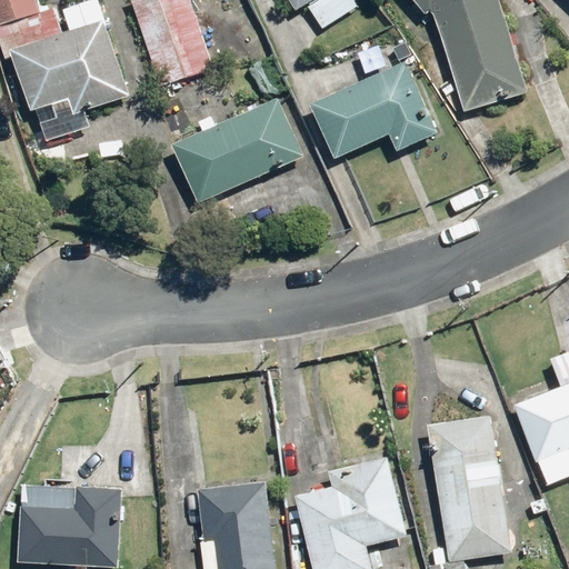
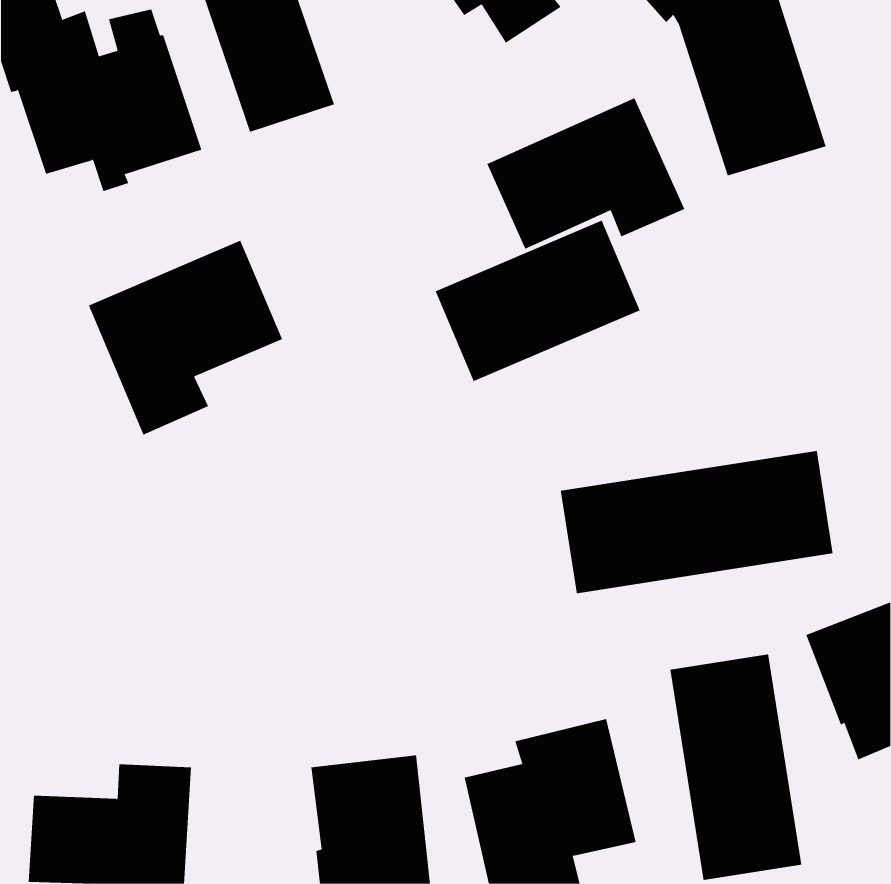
building: [172,99,303,202] -> [435,220,641,382]
building: none -> [88,240,283,435]
building: none -> [560,450,833,594]

